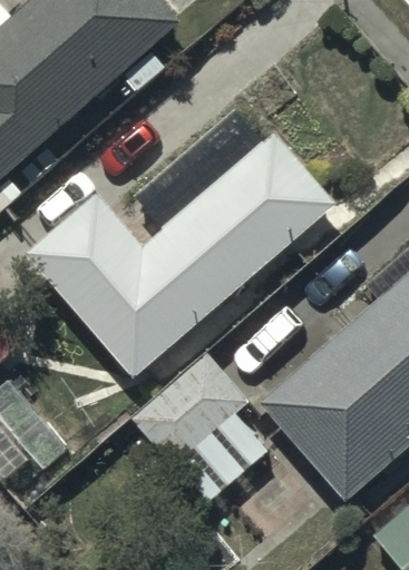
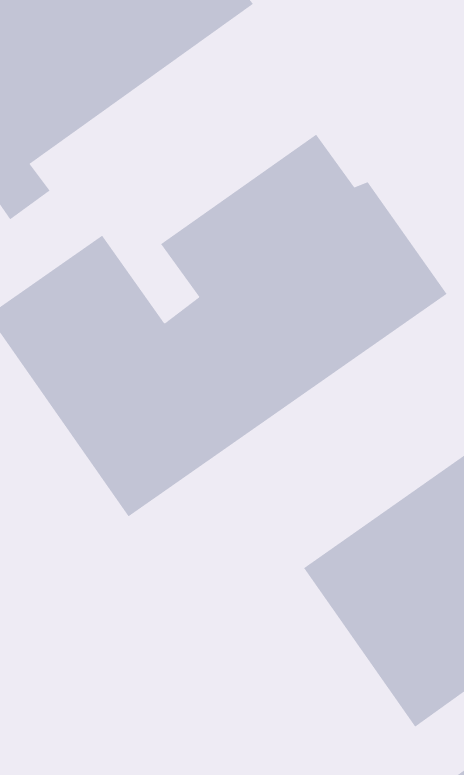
building: [130,352,265,502] -> none

